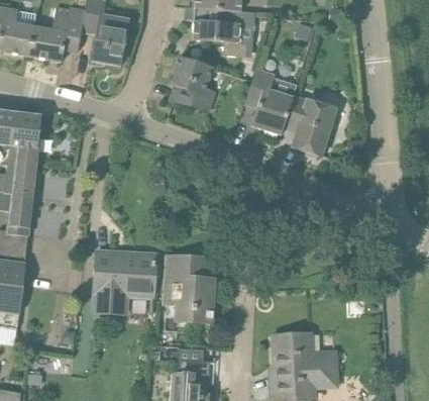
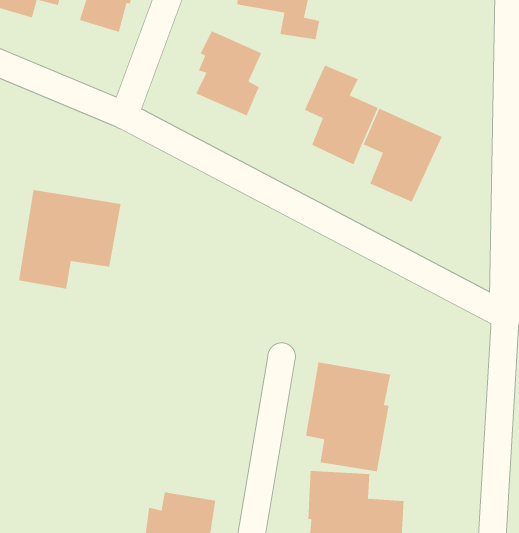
building: [94,250,155,313] -> [18,189,121,289]
building: [163,255,215,322] -> [305,361,391,472]

